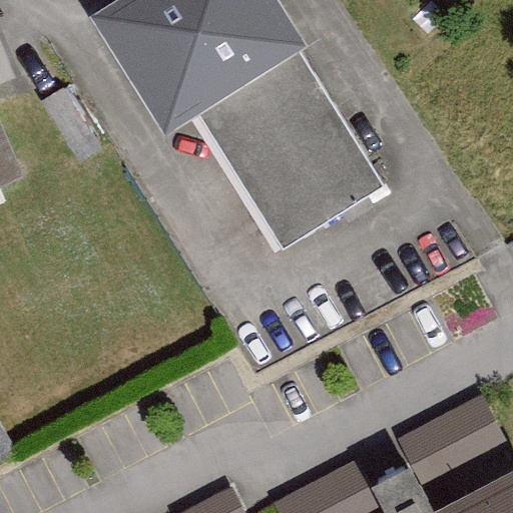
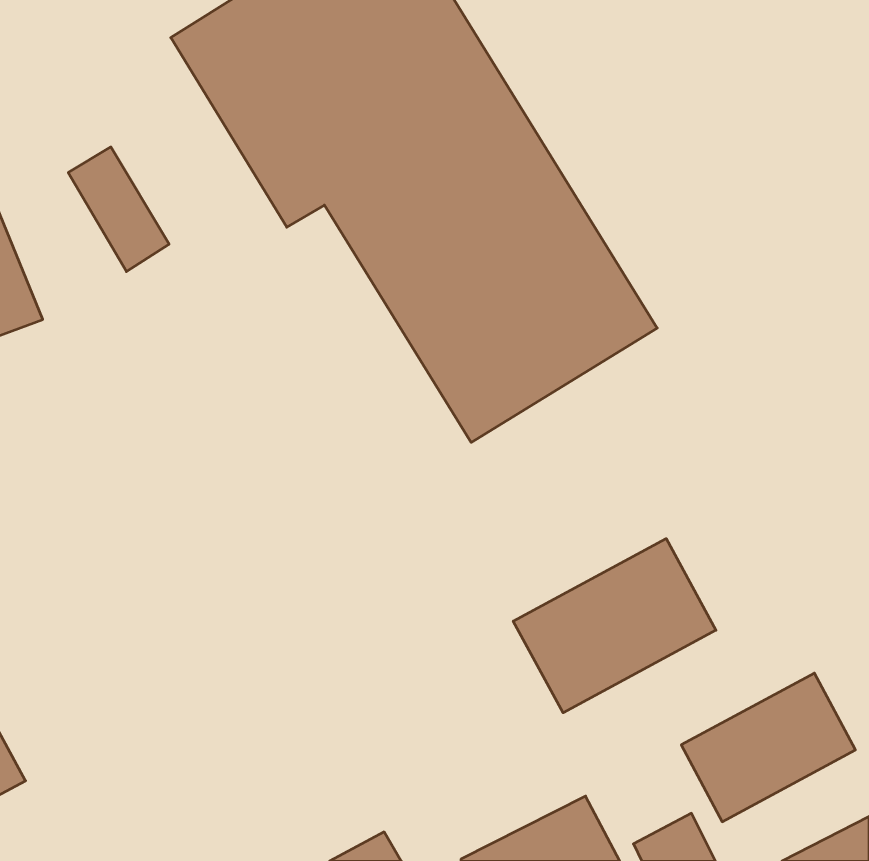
building: none -> [513,539,716,713]

